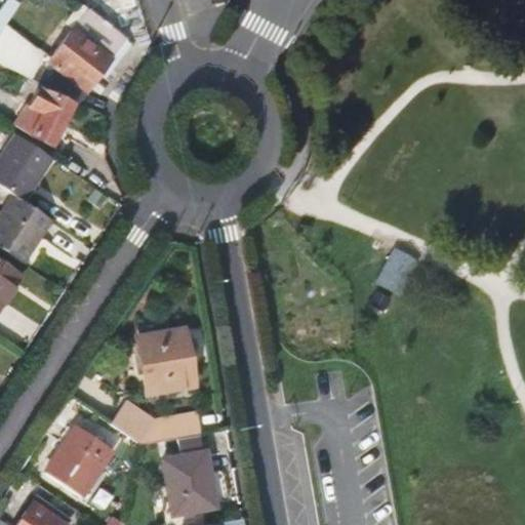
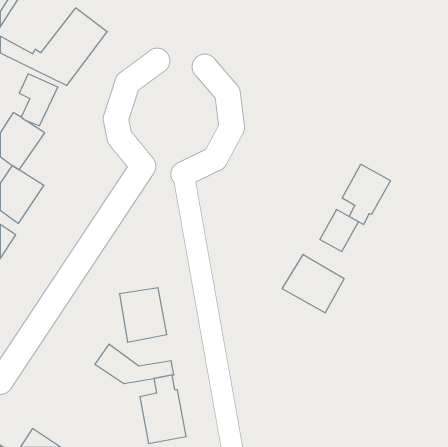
building: none -> [342,164,390,225]
building: none -> [282,254,344,313]
building: [45,427,113,498] -> none

